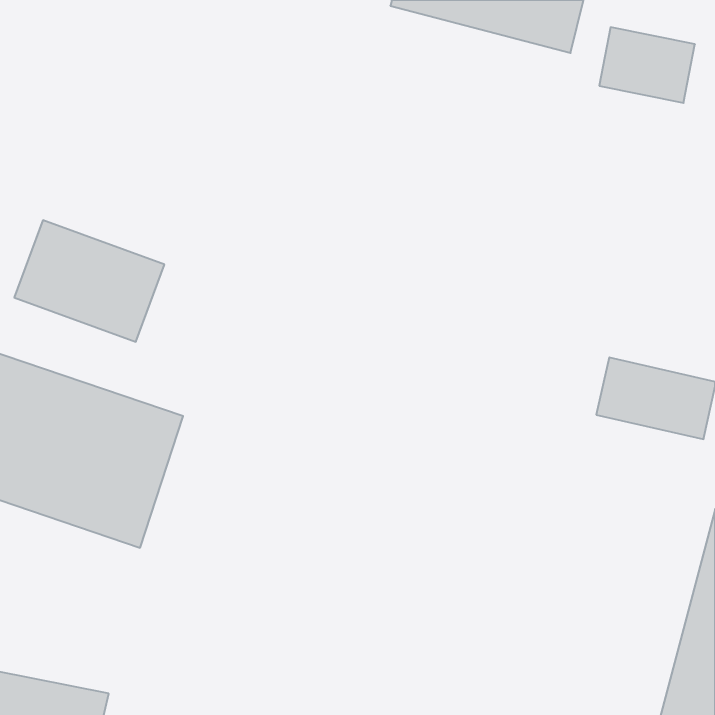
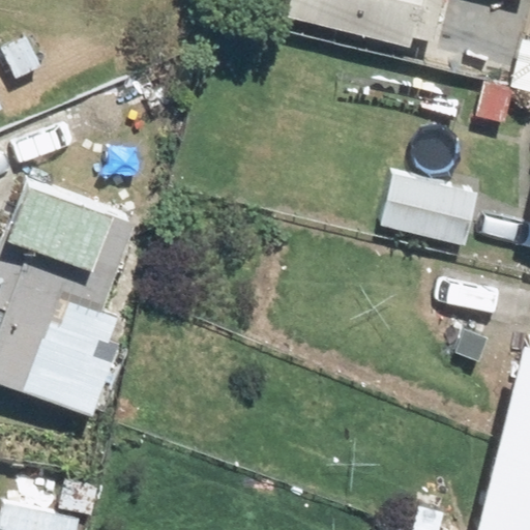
building: none -> [372,170,481,247]

